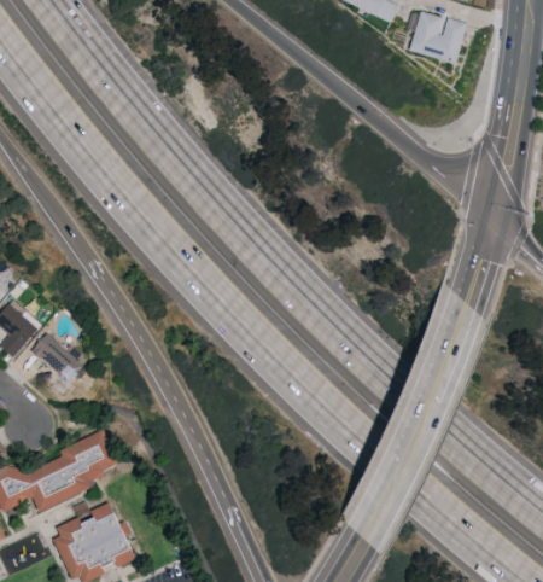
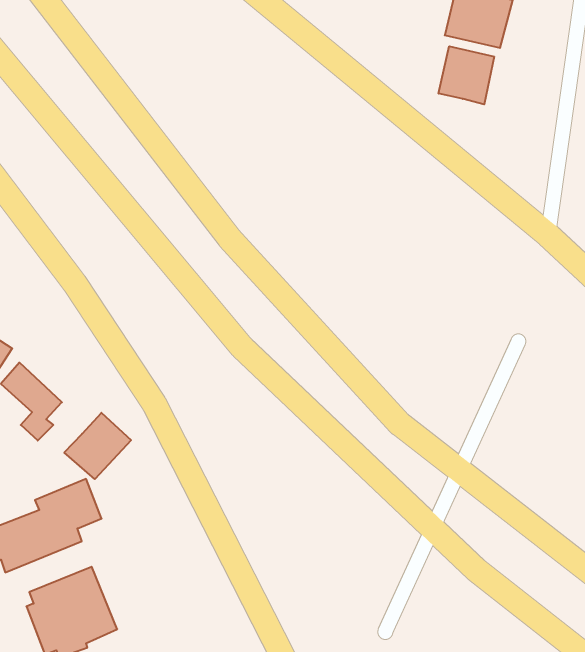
building: none -> [439,46,494,104]
building: none -> [64,413,131,479]

